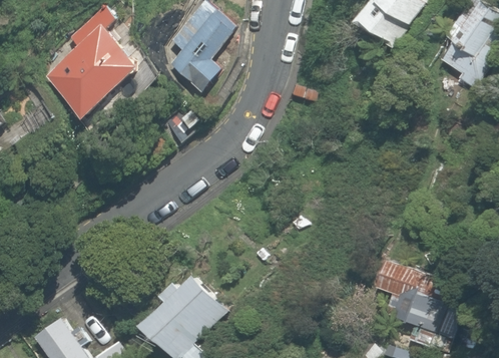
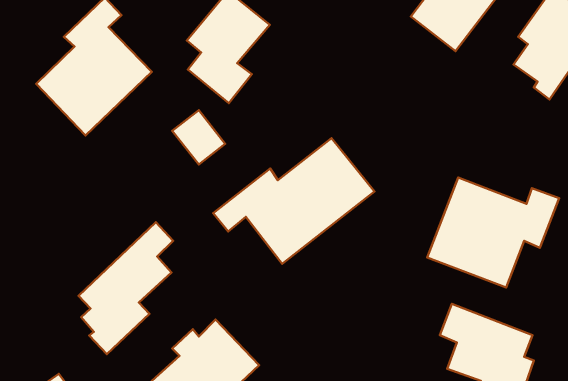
building: none -> [213,138,374,264]
building: none -> [427,177,559,287]
building: none -> [78,222,173,354]

